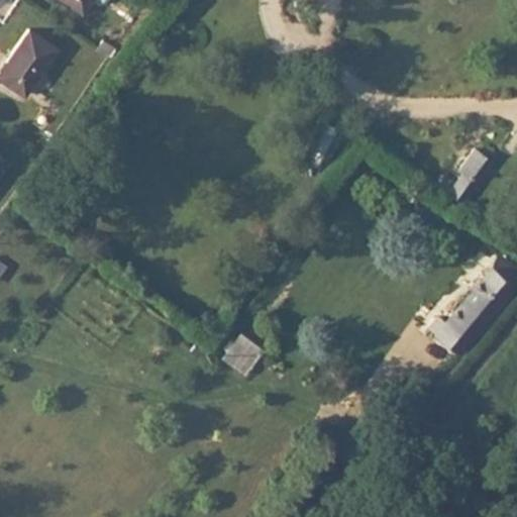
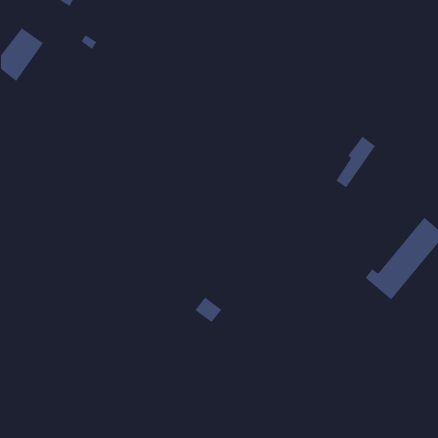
building: [446,147,494,209] -> [335,136,376,188]

